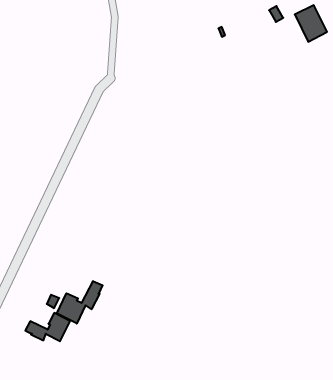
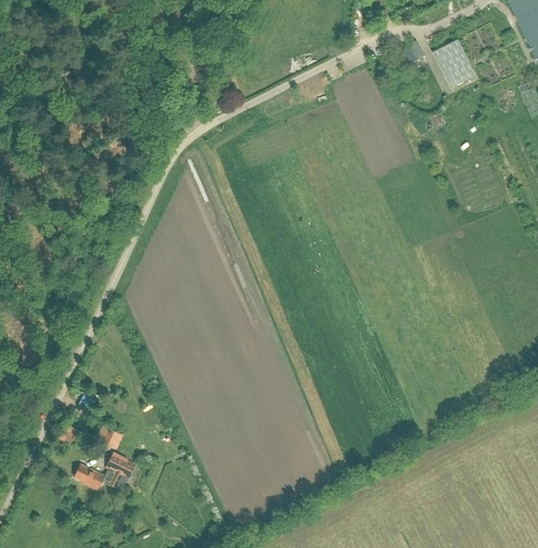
building: [57,281,103,324] -> none

